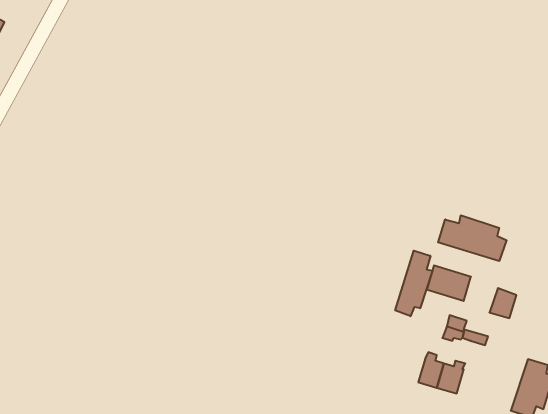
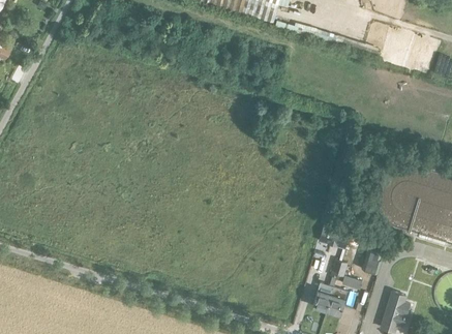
building: [438,215,507,261] -> none
building: [395,251,432,316] -> none

